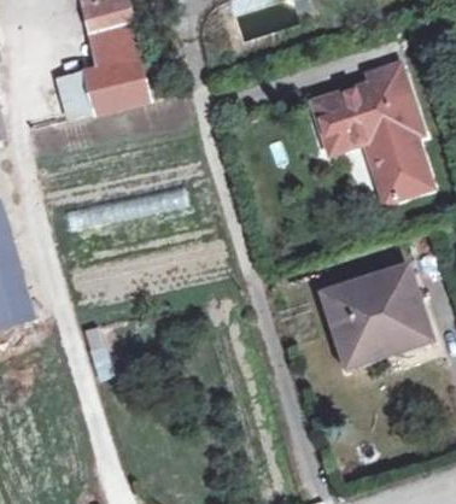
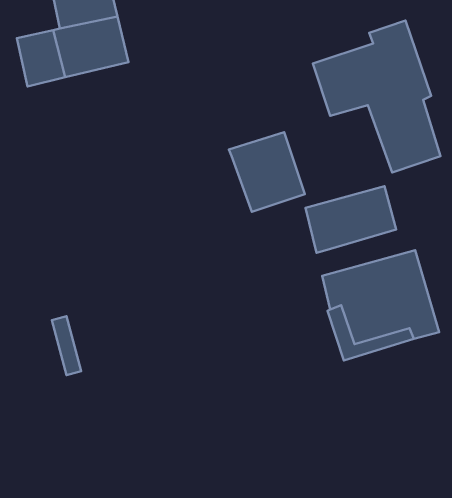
building: none -> [229,132,305,212]
building: none -> [306,186,396,253]

